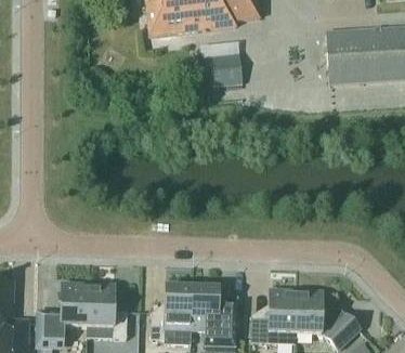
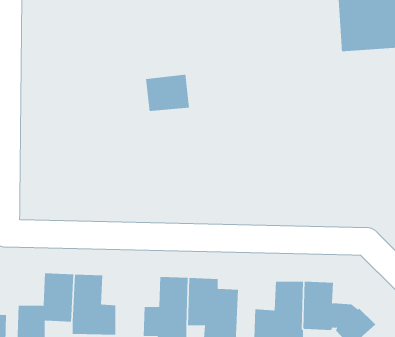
building: [201,52,241,86] -> [145,74,190,111]

